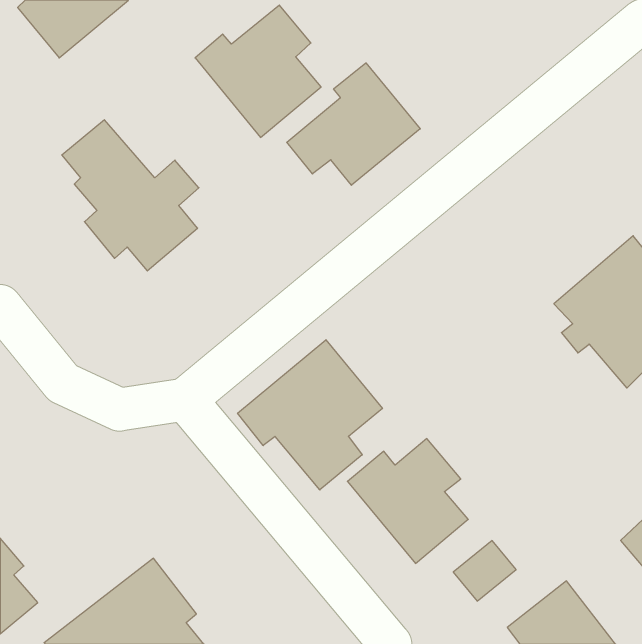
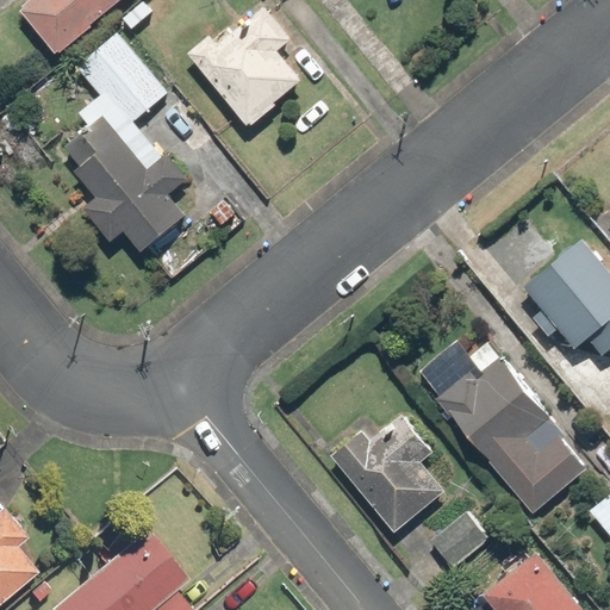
building: none -> [67,31,170,129]
building: [287,63,420,185] -> none
building: [238,340,382,490] -> none
building: none -> [435,342,585,513]

